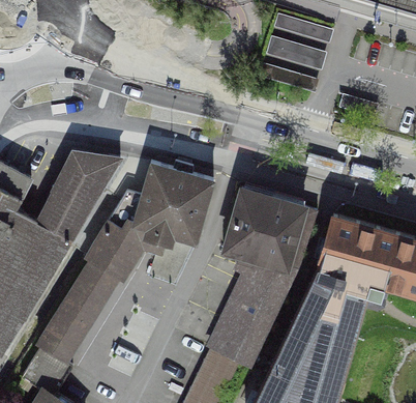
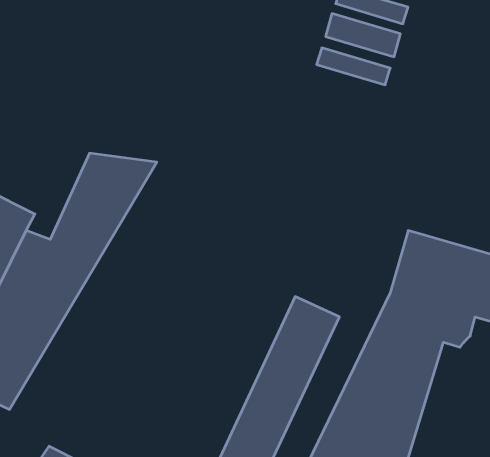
building: [130,164,216,244] -> none
building: [218,185,309,278] -> none
building: [35,222,150,366] -> none

